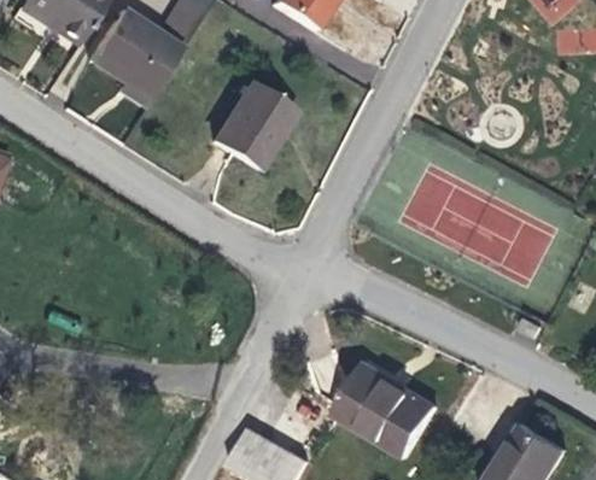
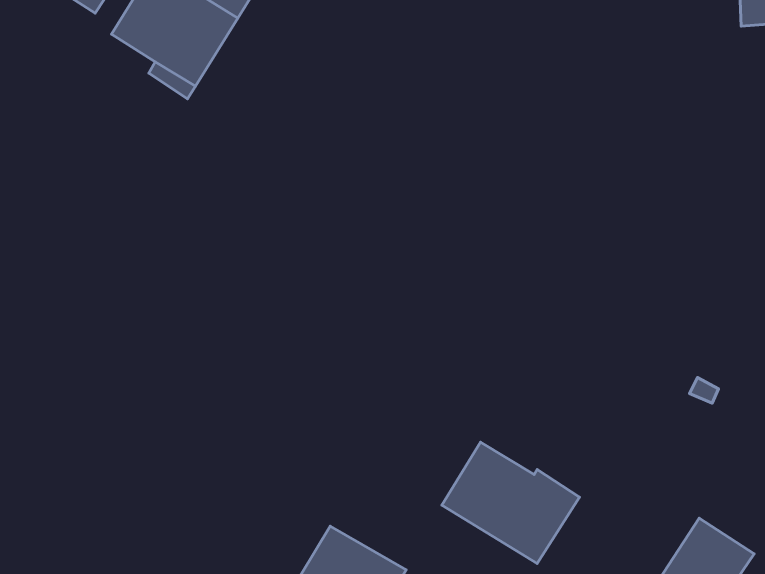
building: [214,84,294,169] -> none

